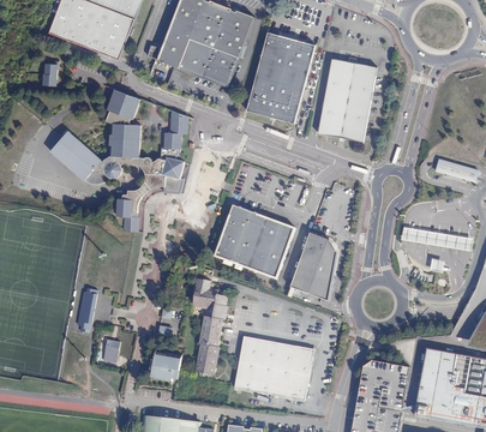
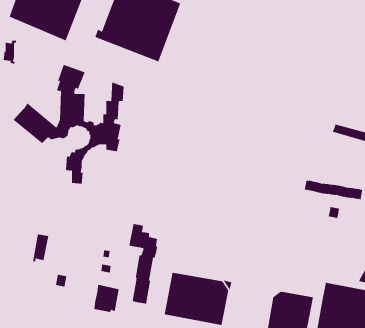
building: [246,31,314,122] -> none
building: [318,58,377,140] -> none
building: [214,204,295,278] -> none
building: [289,232,336,300] -> none

